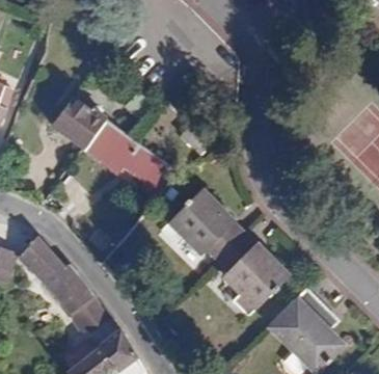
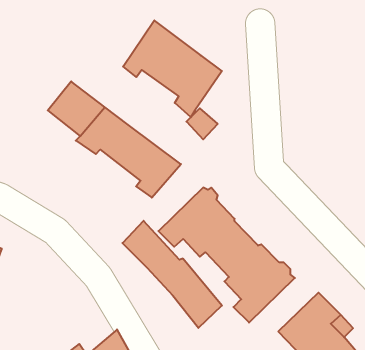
building: none -> [123,20,222,117]
building: [17,235,109,335] -> [122,221,222,328]

